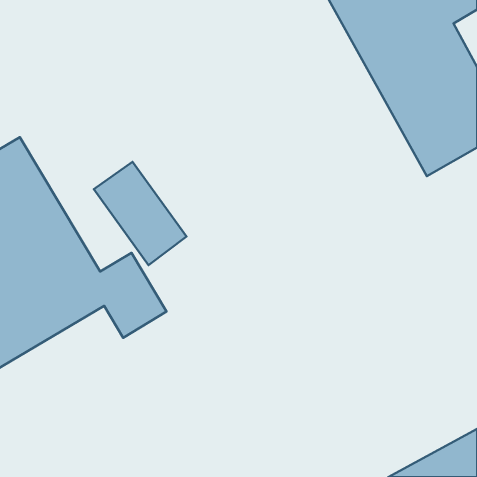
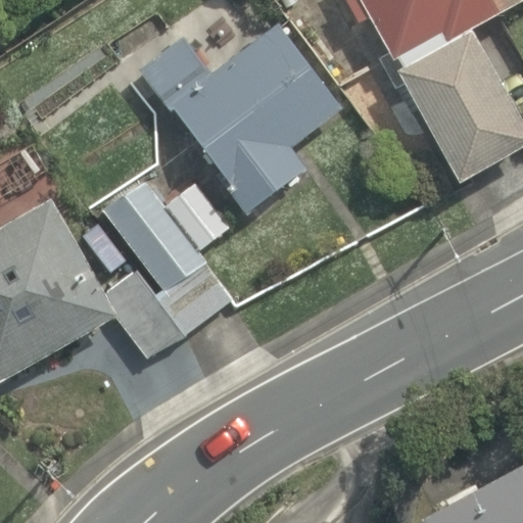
building: none -> [137,21,344,217]

